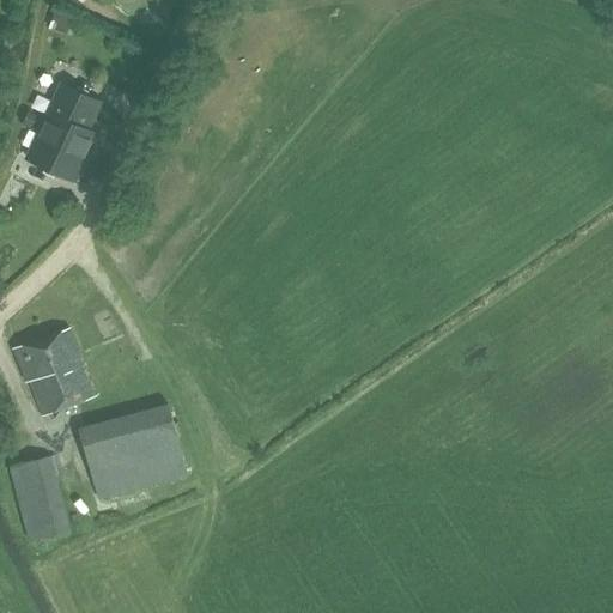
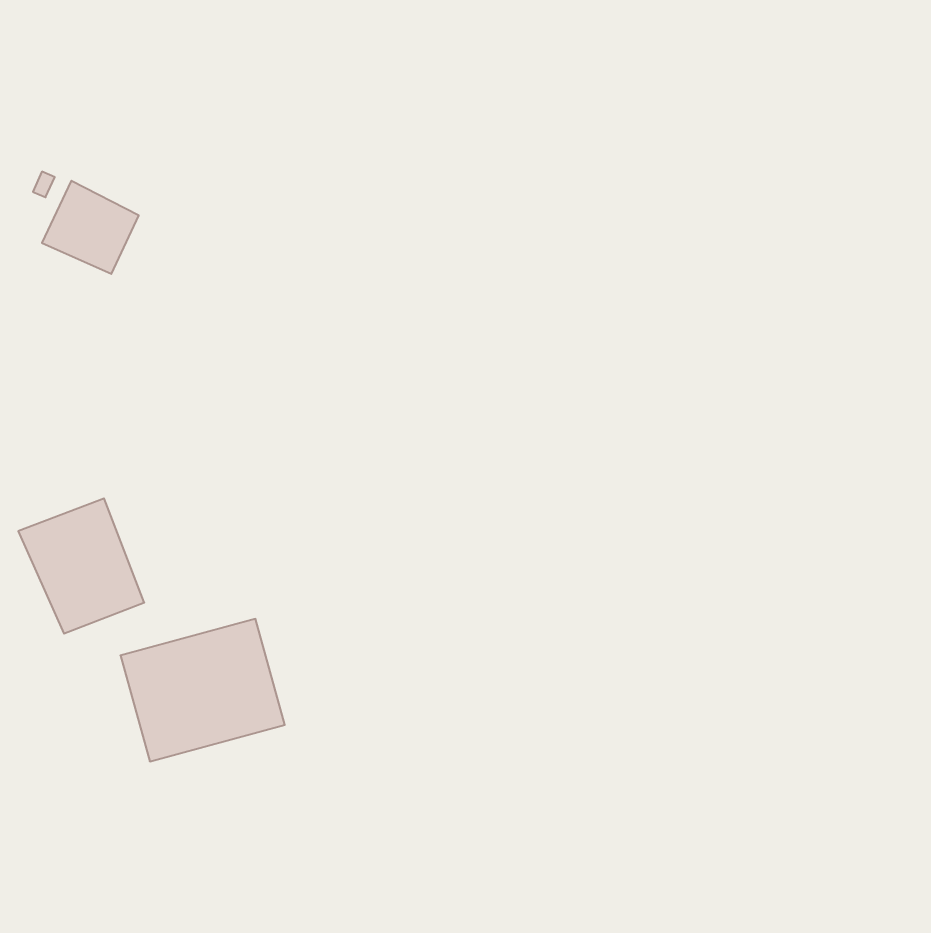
building: [47,85,98,141] -> none
building: [8,456,71,542] -> none

